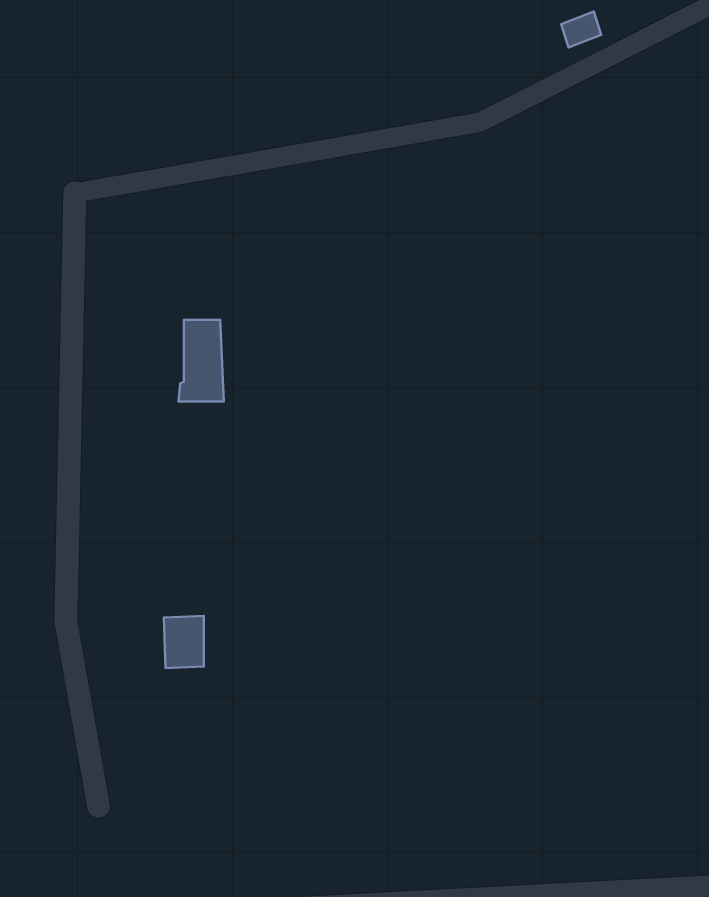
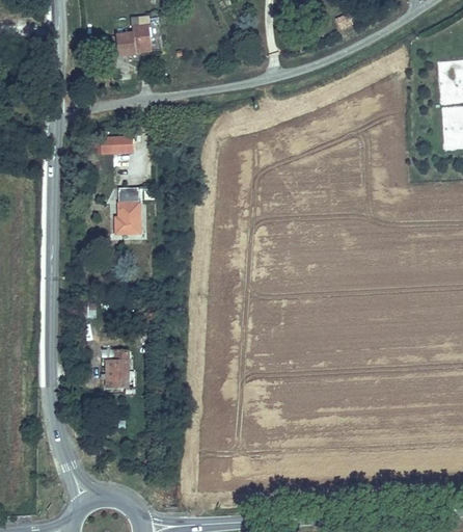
building: none -> [117,27,154,60]
building: none -> [106,136,133,155]

